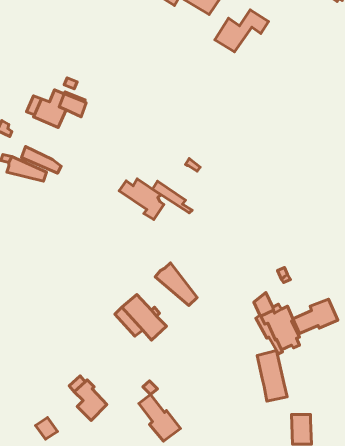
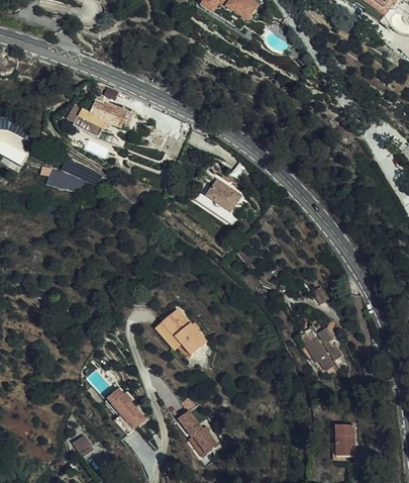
building: [215,10,269,52] -> none
building: [119,179,164,219] -> [197,180,242,221]
building: [155,263,197,305] -> none
building: [293,299,338,333] -> none
building: [257,351,287,401] -> none

